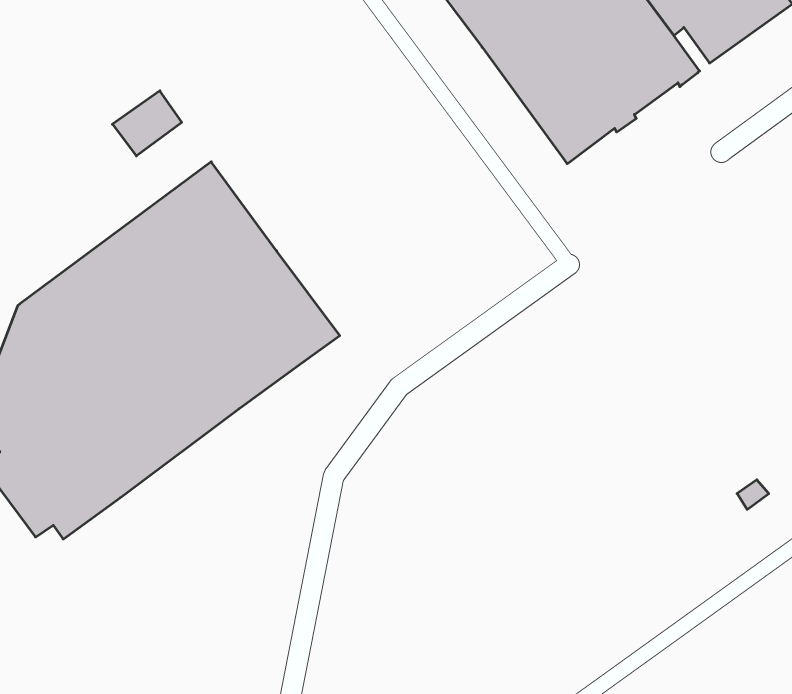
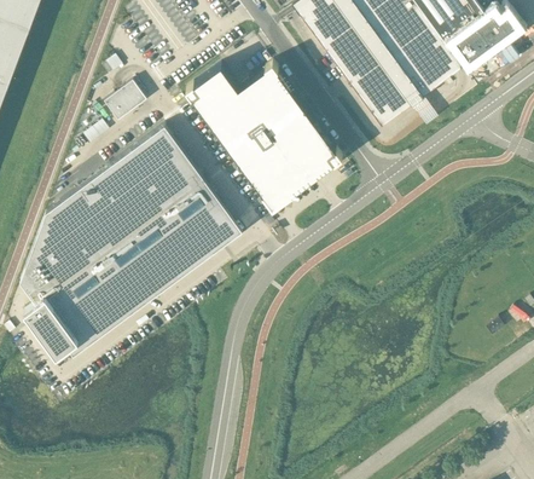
building: none -> [185,62,341,204]

